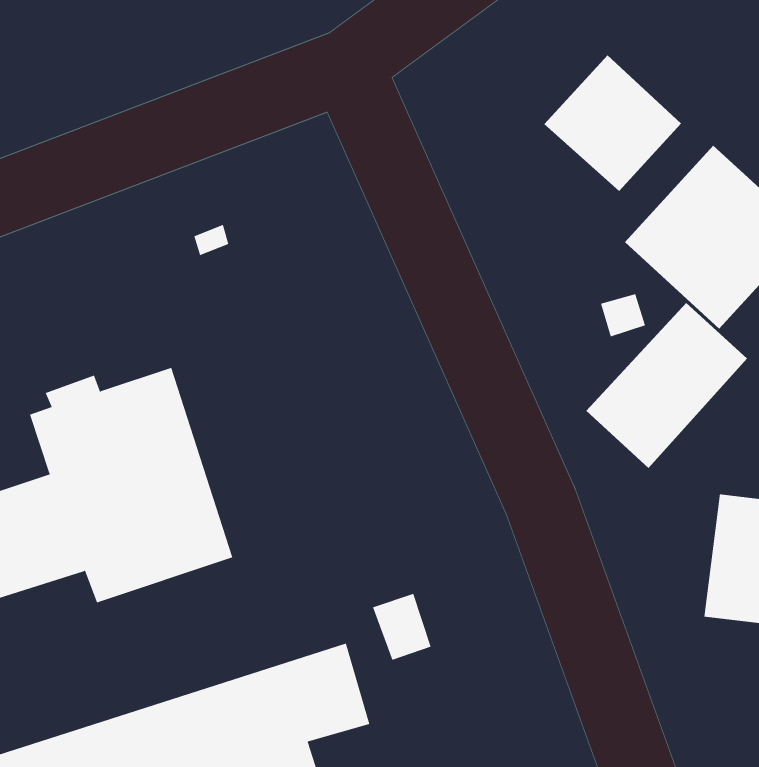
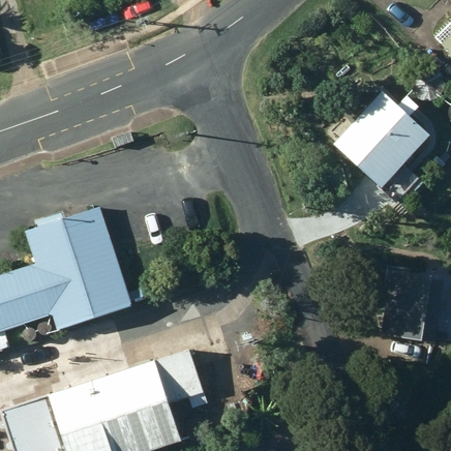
building: [543,54,682,192] -> none
building: [586,302,748,469] -> none

